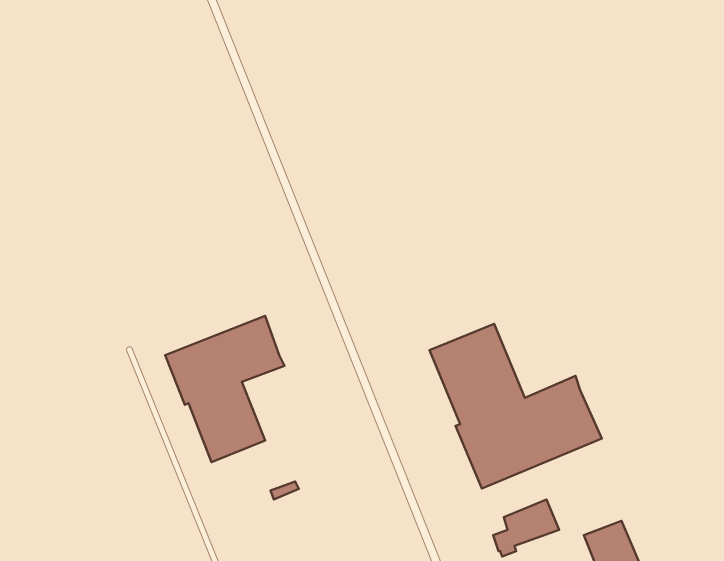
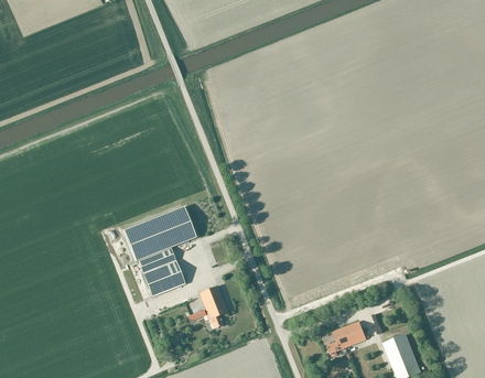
building: [429,324,602,489] -> none
building: none -> [198,285,227,328]

